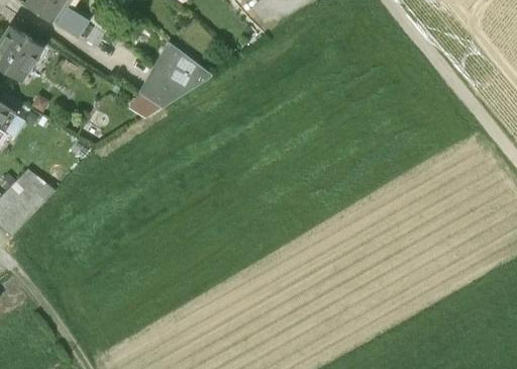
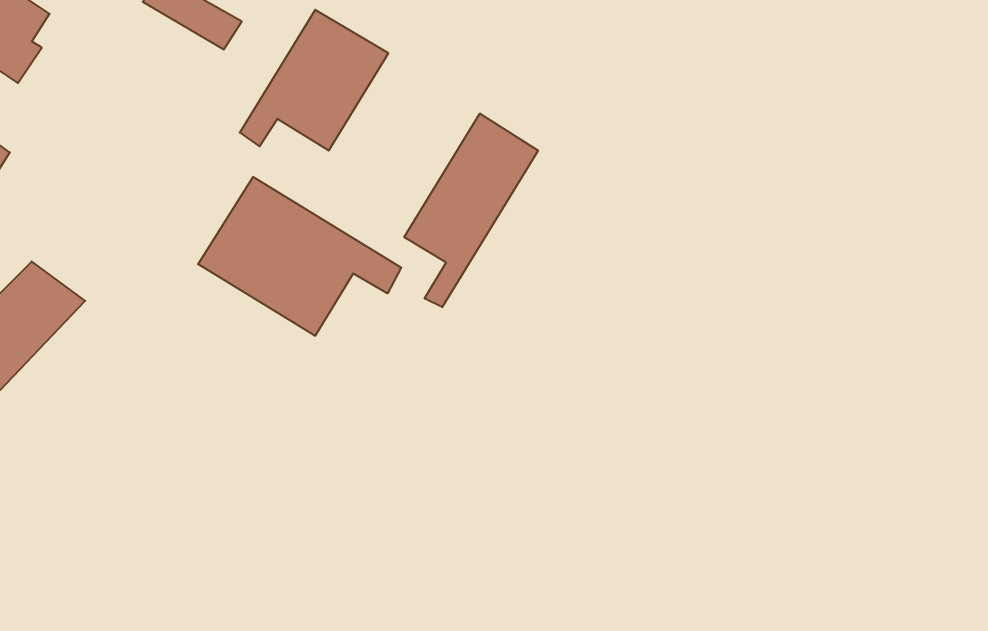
building: none -> [404,113,538,307]
building: none -> [198,177,401,336]

